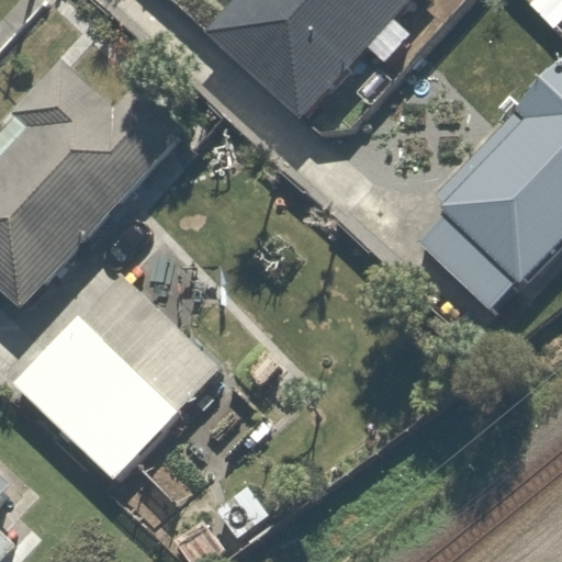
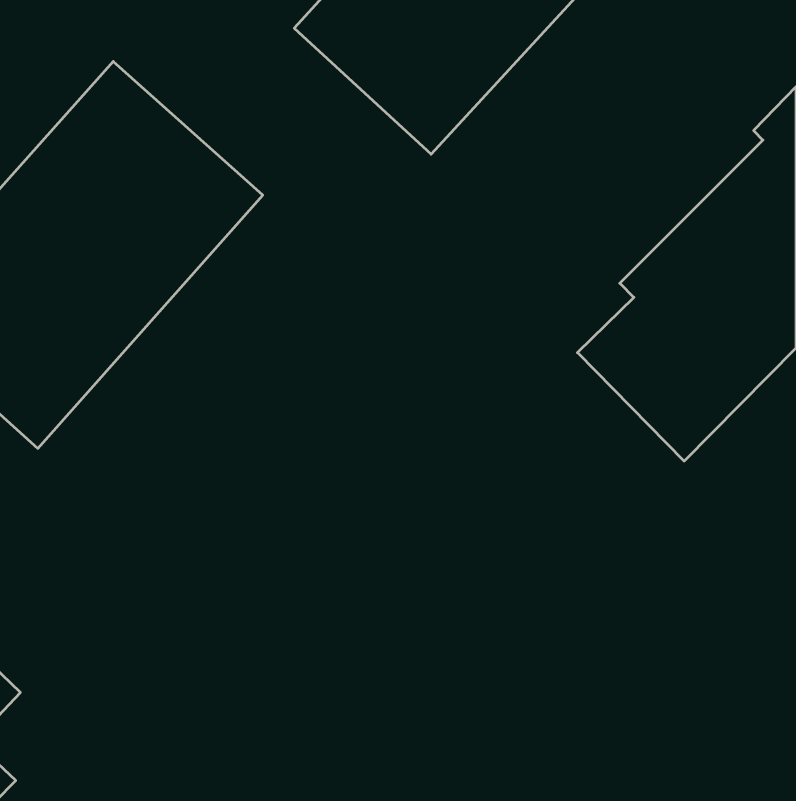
building: [14,277,225,487] -> none

